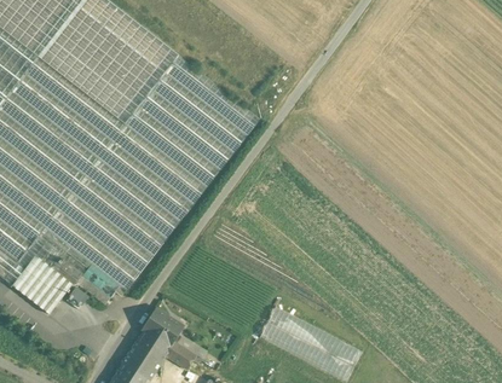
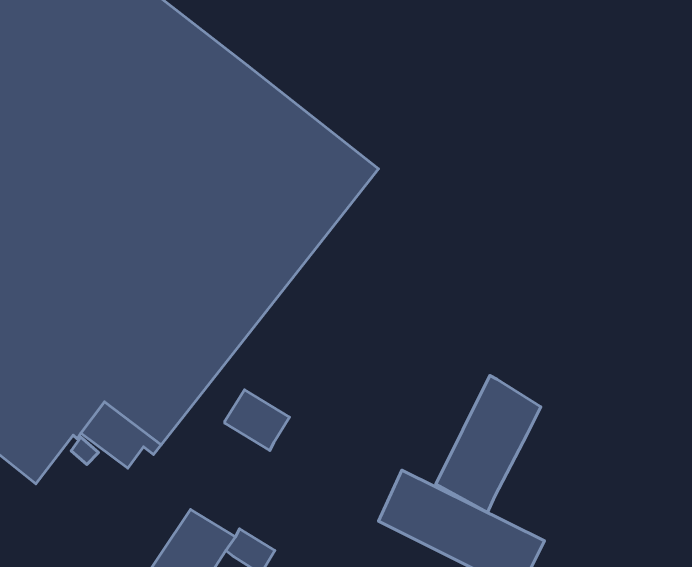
building: none -> [436,376,541,512]
building: [144,309,184,347] -> [225,390,289,450]

